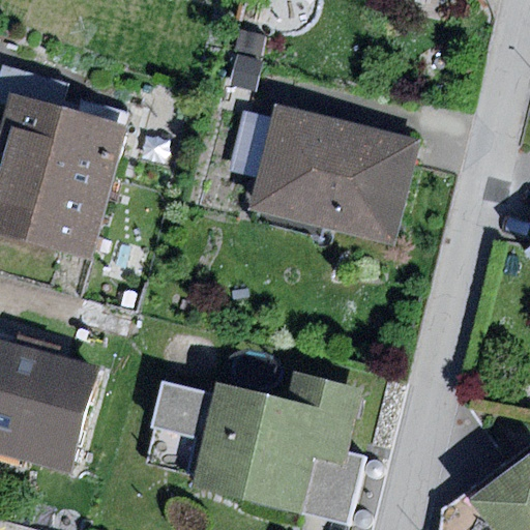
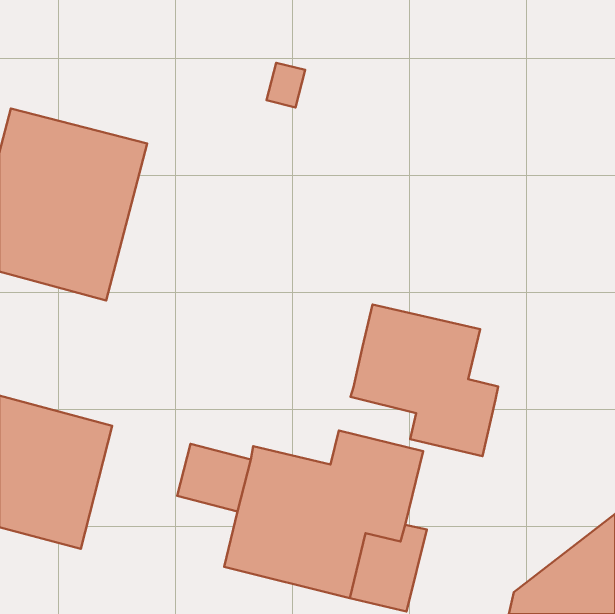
building: [251,106,419,243] -> none
building: none -> [350,304,498,456]

